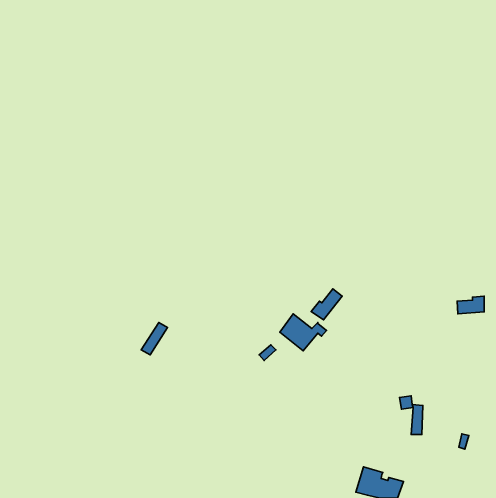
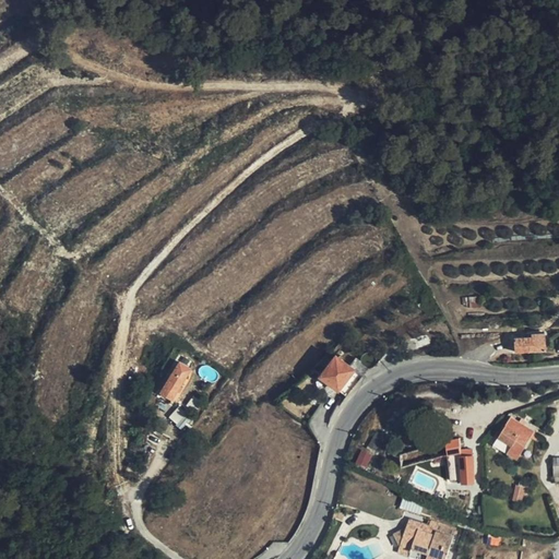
building: [311,289,342,320] -> none
building: none -> [491,419,531,462]

